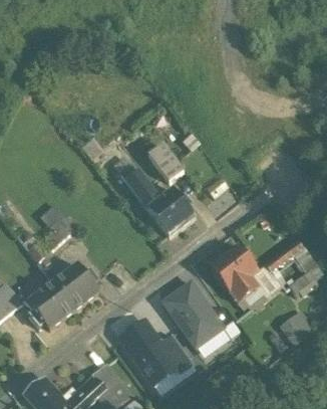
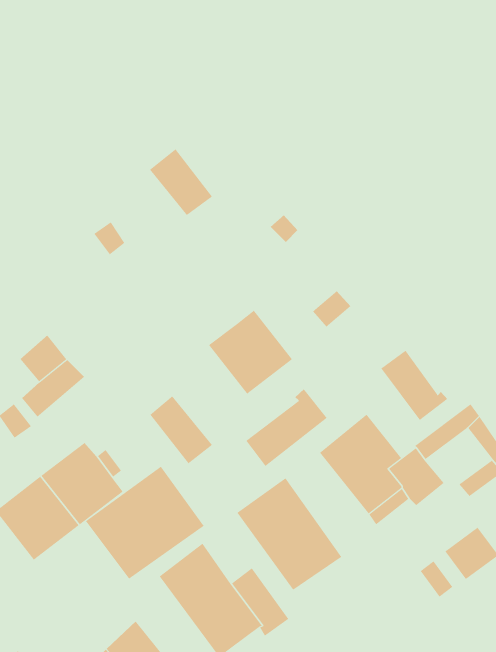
building: [147,143,184,181] -> [149,149,213,216]
building: [125,168,161,207] -> [149,395,213,464]
building: none -> [381,350,448,421]
building: none -> [246,389,327,467]
building: none -> [85,466,204,579]

